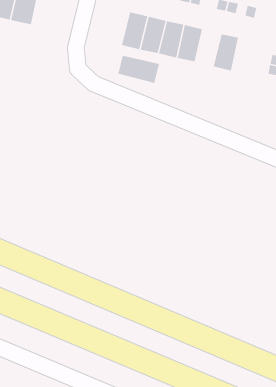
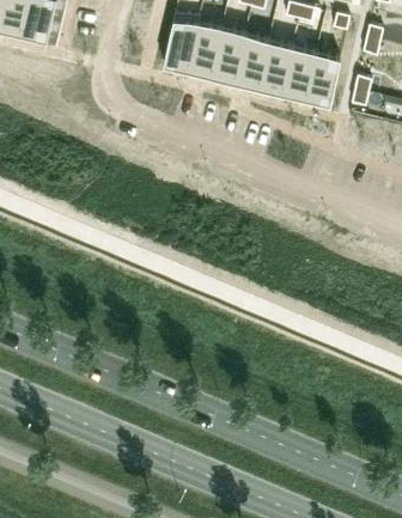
building: none -> [260,44,293,93]
building: none -> [306,55,341,104]
building: [118,55,160,84] -> none

